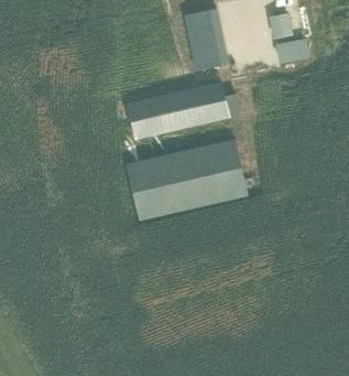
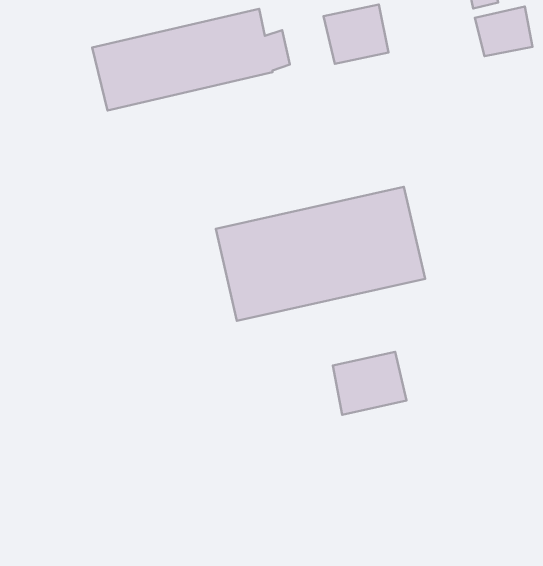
building: [127,80,240,139] -> [92,9,290,111]
building: none -> [333,352,407,415]

